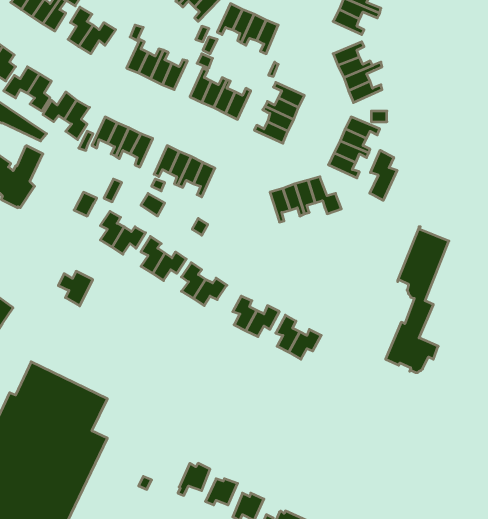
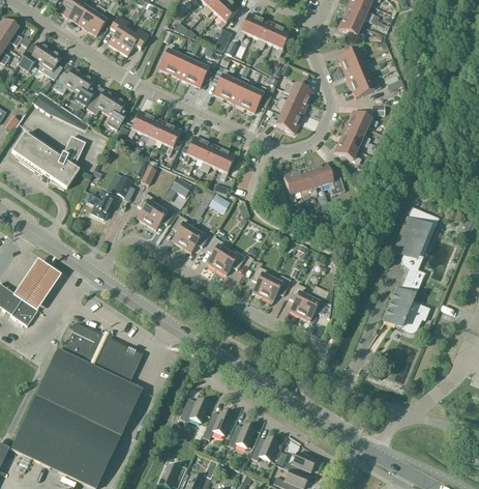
building: [370,150,397,200] -> none
building: [58,271,93,306] -> [85,189,115,219]
building: none -> [179,397,208,422]

